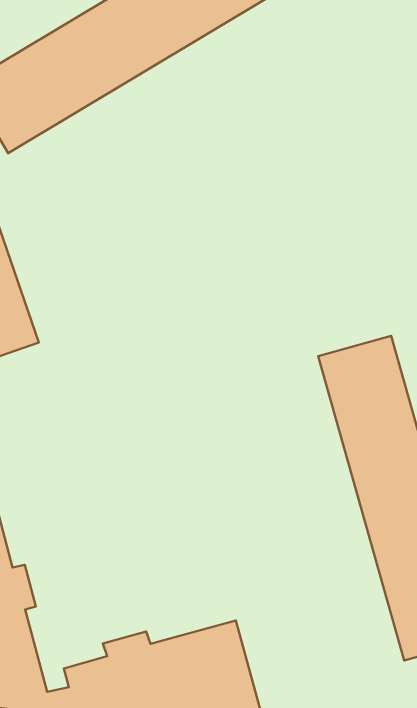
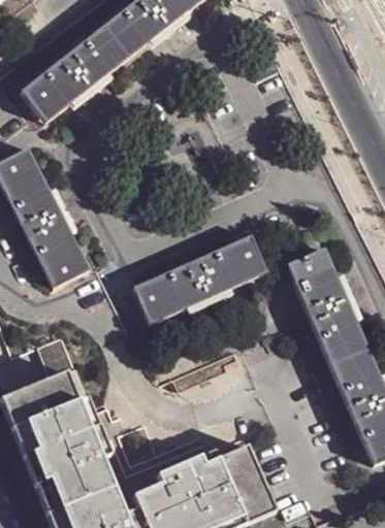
building: none -> [135,230,269,309]

